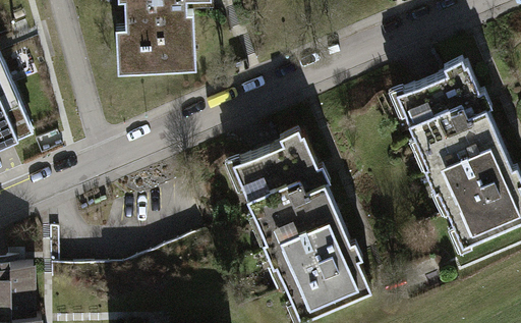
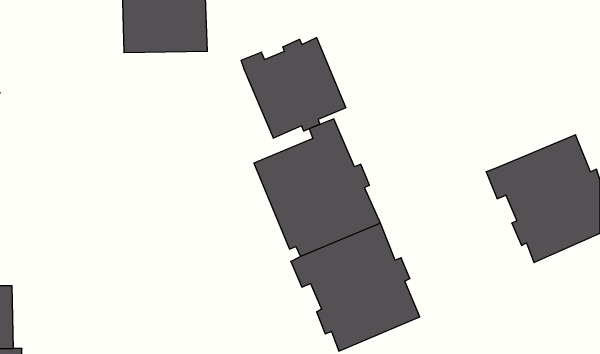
building: [395,56,499,167] -> none
building: none -> [241,38,346,138]

